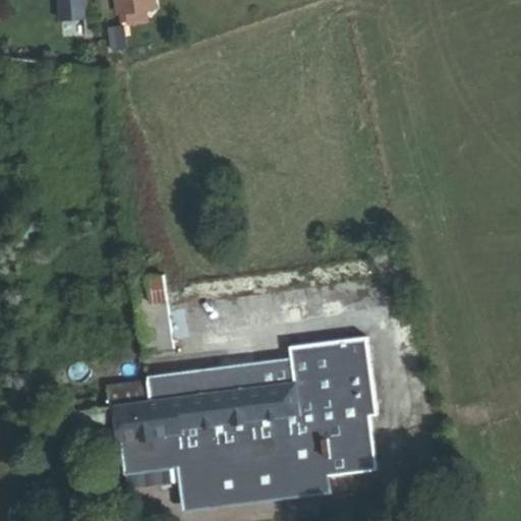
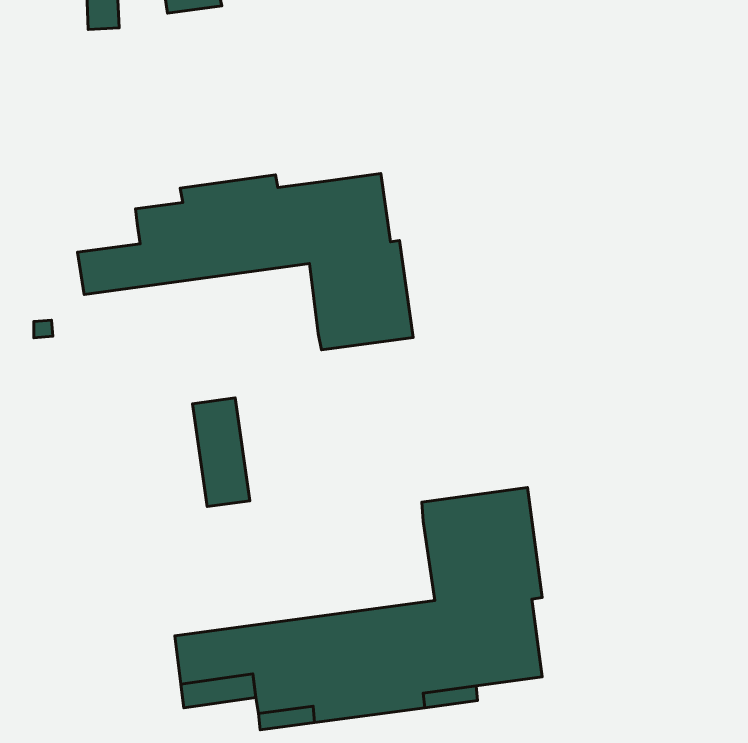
building: none -> [78,173,413,350]
building: [70,361,301,441] -> none

